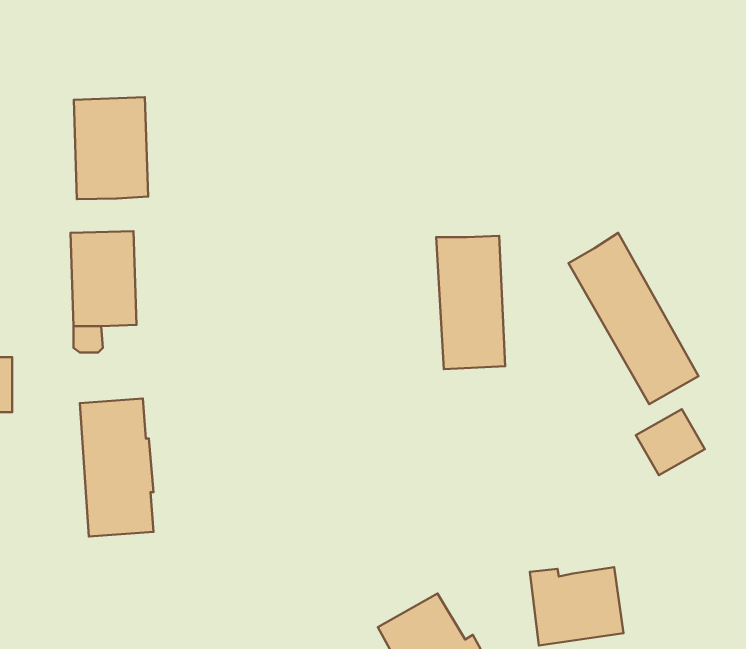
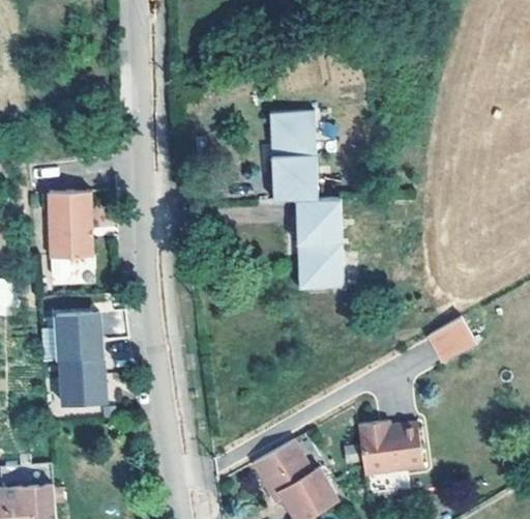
building: [74,97,148,199] -> none
building: none -> [271,112,316,201]
building: [569,233,698,404] -> none

